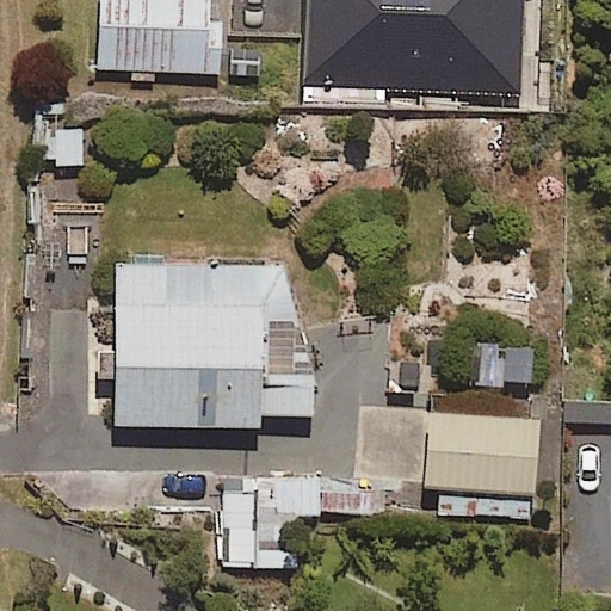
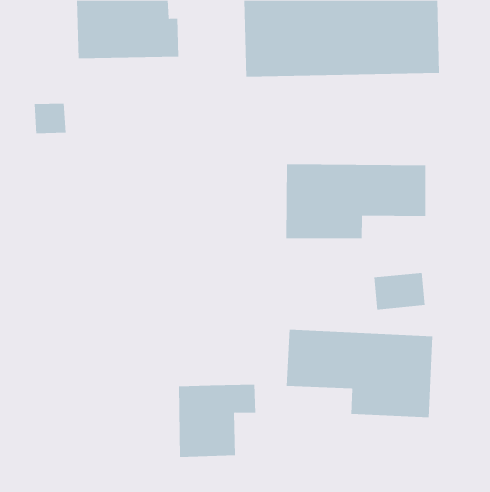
building: none -> [286,164,426,239]
building: [115,263,310,424] -> none

